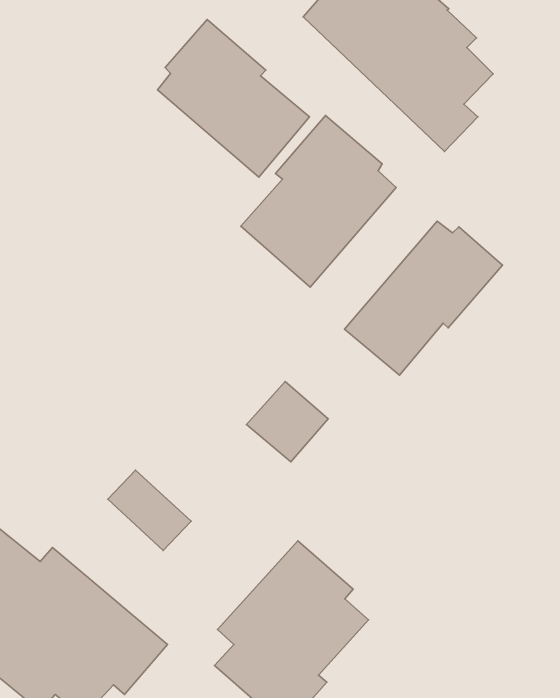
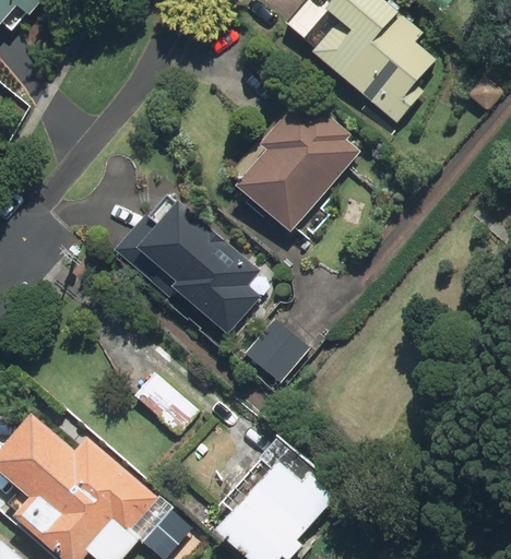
building: [158,19,309,177] -> none
building: [344,221,503,375] -> none
building: none -> [111,188,273,336]

